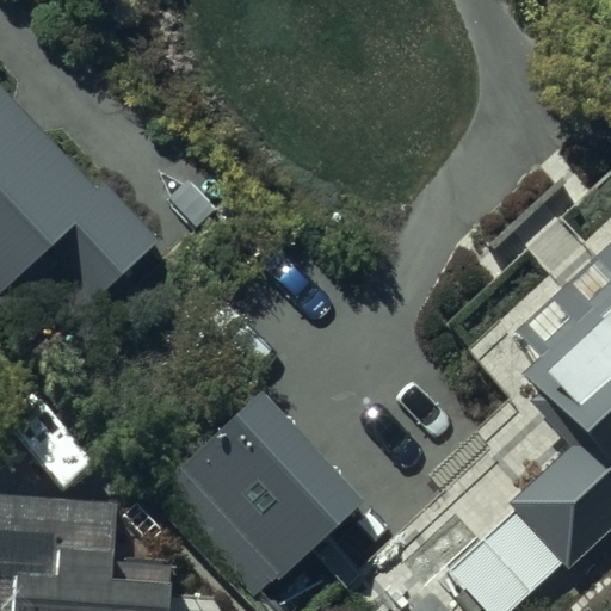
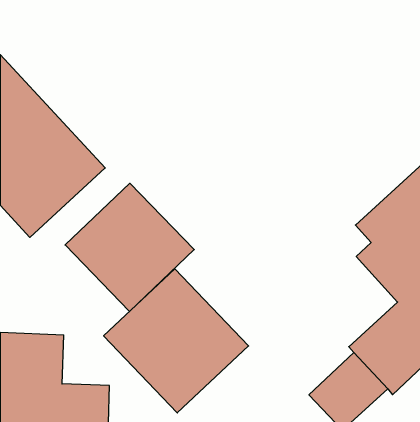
building: none -> [65,183,194,311]

